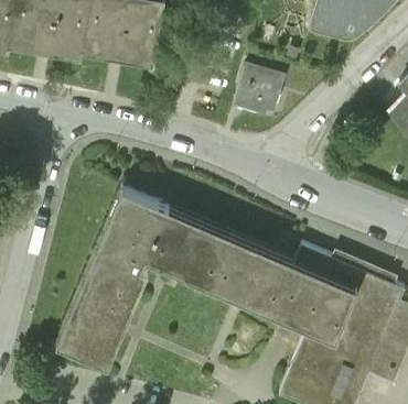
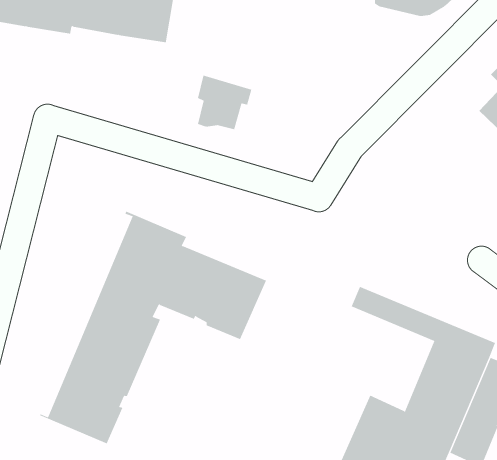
building: [238,67,280,109] -> [197,75,252,130]
building: [208,241,355,340] -> none

